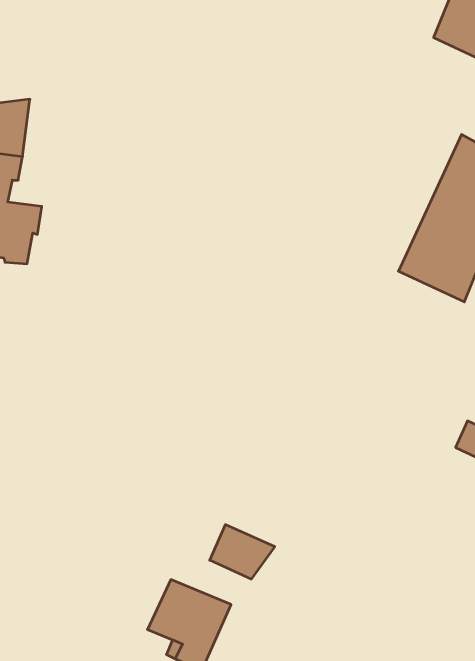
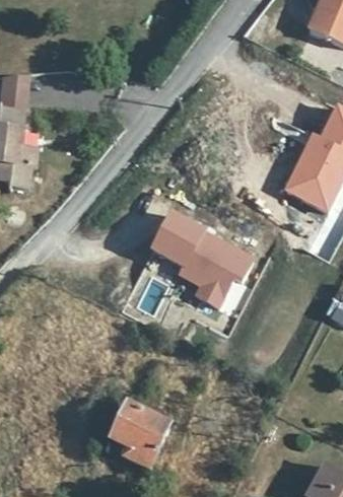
building: none -> [146,209,257,306]
building: [210,525,275,579] -> none

